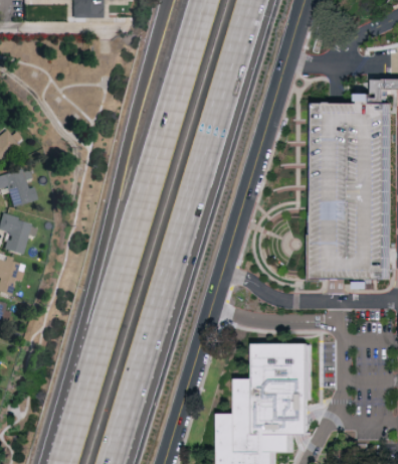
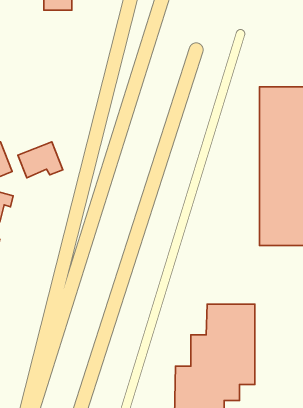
building: none -> [18,142,63,178]

